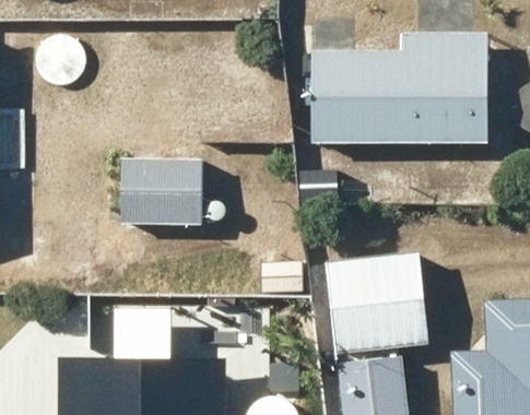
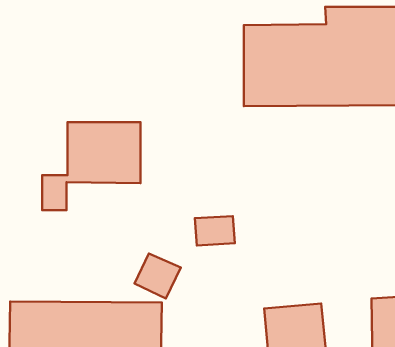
building: [325,252,425,354] -> none

